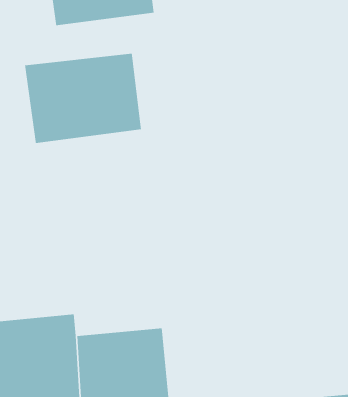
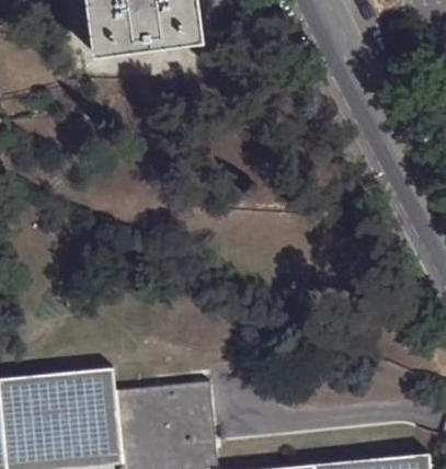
building: [25,53,142,144] -> none

